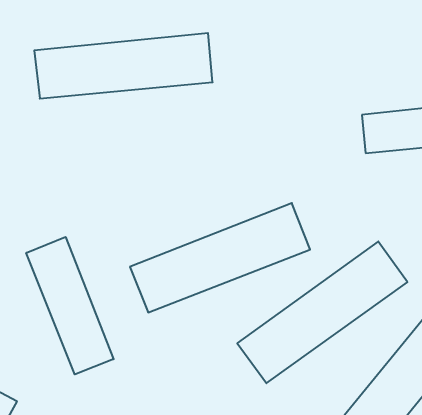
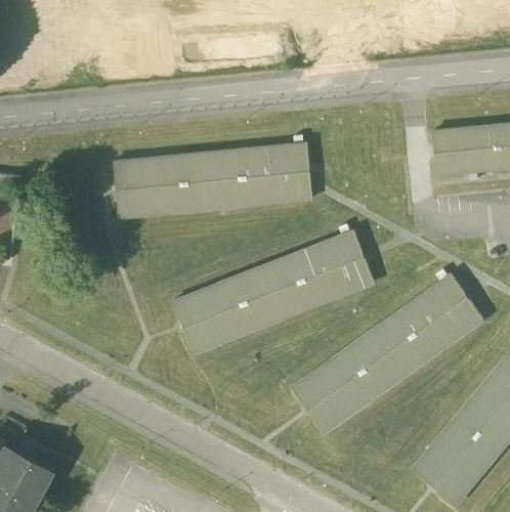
building: [34,33,213,99] -> [113,143,313,217]
building: [26,237,114,374] -> none

